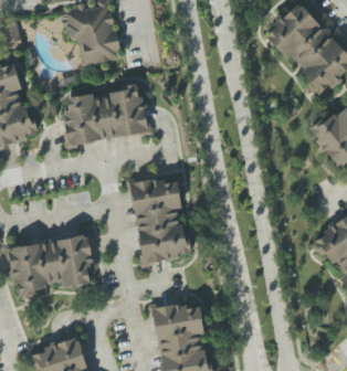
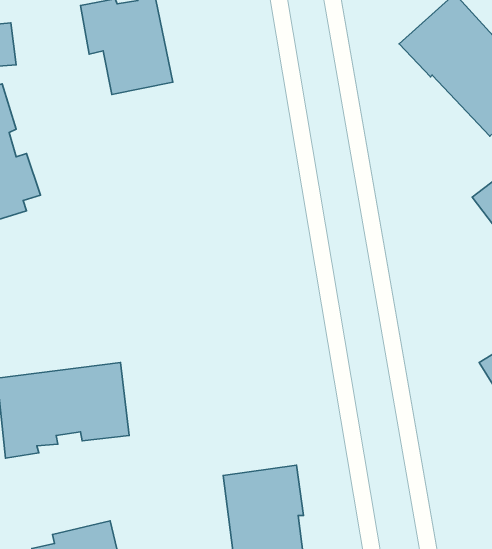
building: [61,84,149,145] -> none
building: [130,177,189,264] -> none

